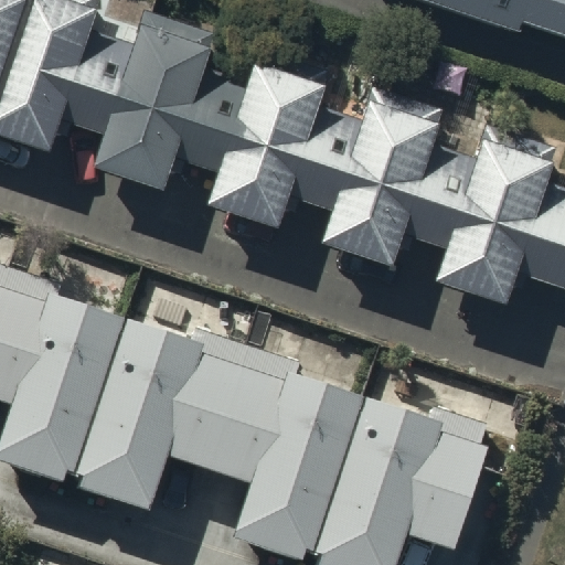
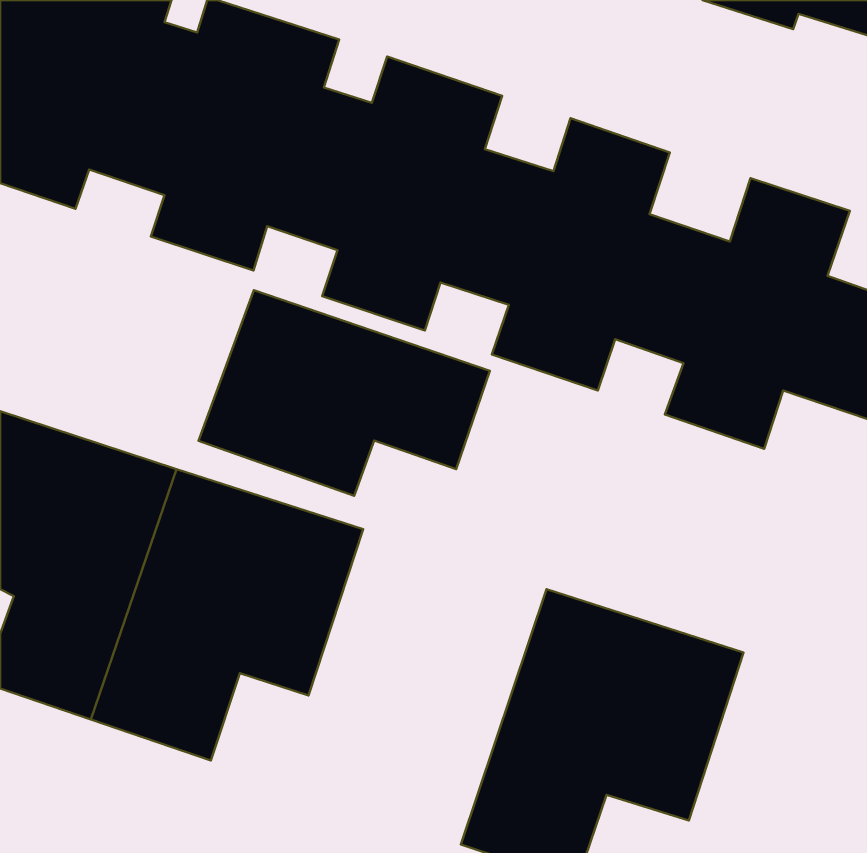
building: none -> [199,290,490,496]
building: [204,355,358,558] -> none

